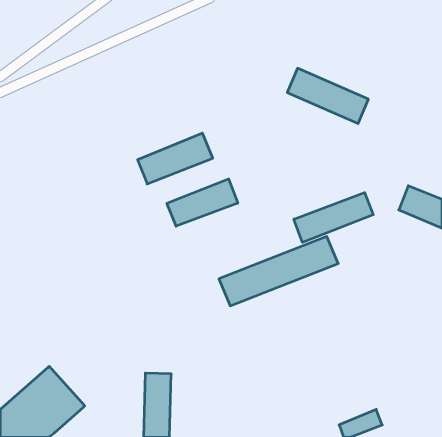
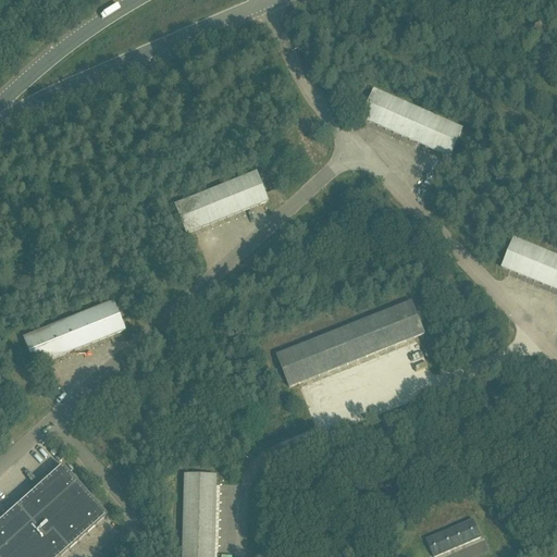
building: [167,179,238,226] -> none
building: [294,193,373,242] -> none
building: none -> [22,298,124,363]

